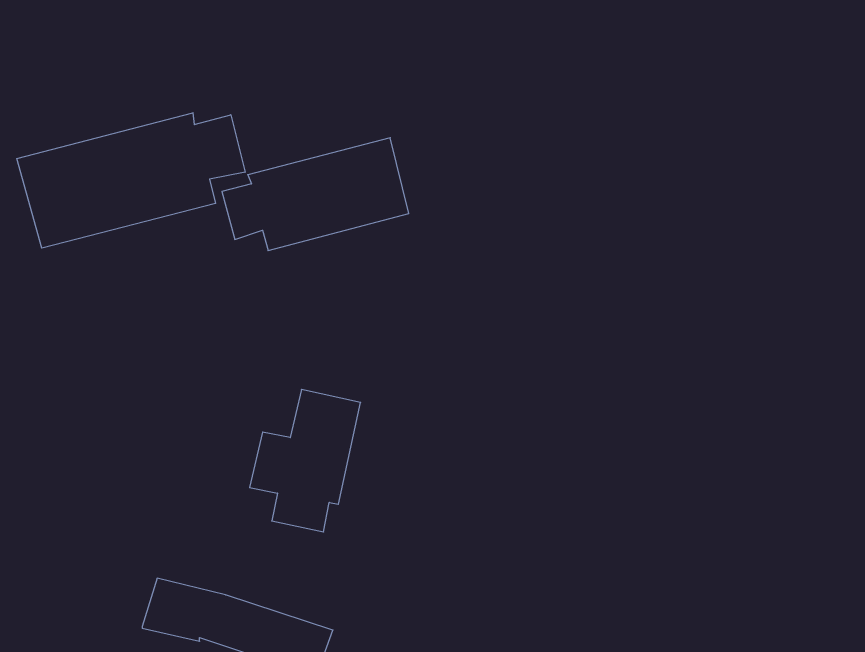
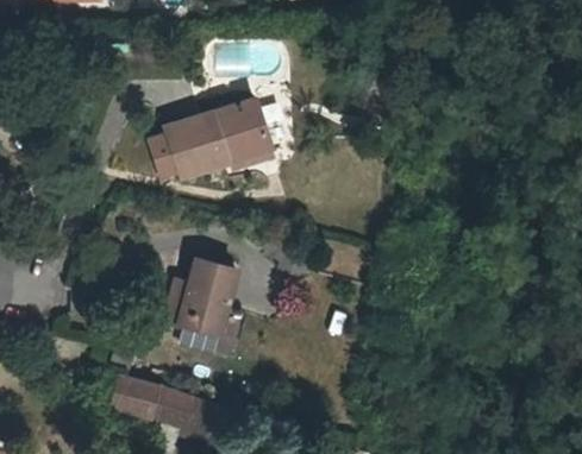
building: [17,113,245,248] -> none

